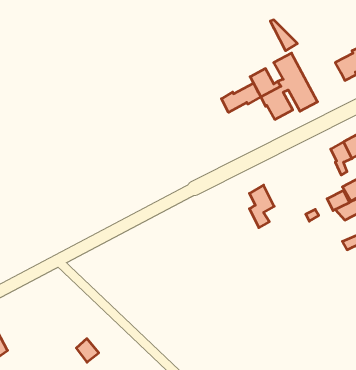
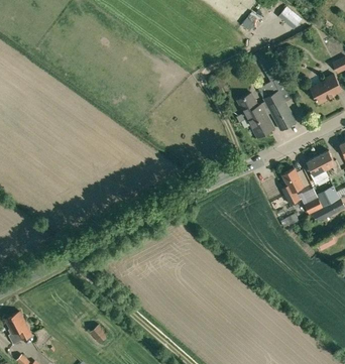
building: [221,83,261,112] -> none
building: [249,185,274,228] -> [282,168,304,205]

